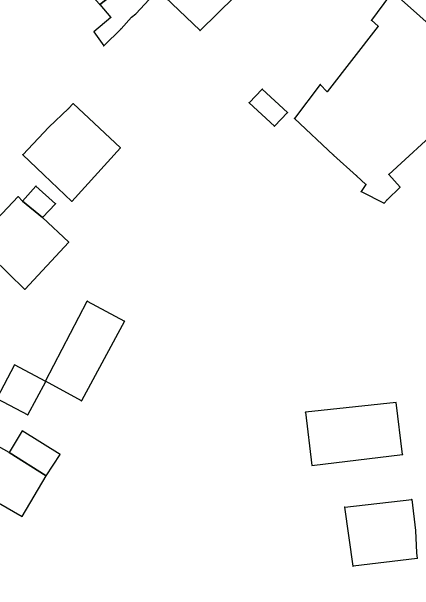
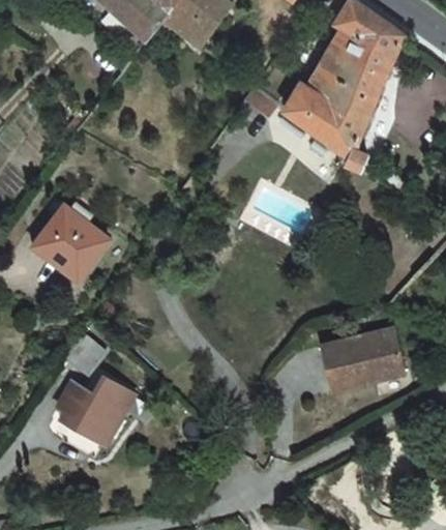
building: [23,104,120,201] -> none
building: [45,301,124,401] -> none
building: [345,499,417,566] -> none

